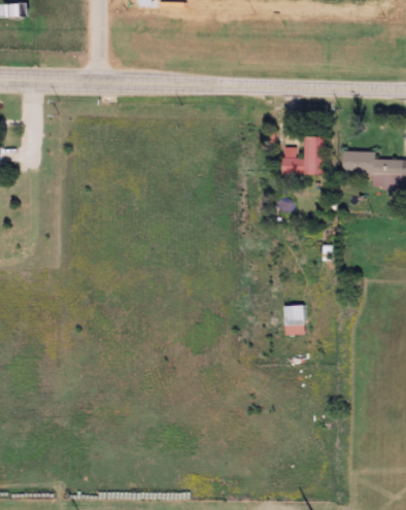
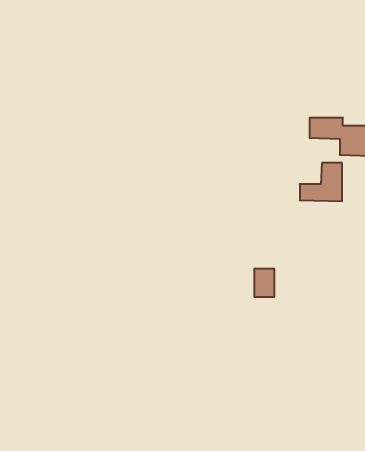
building: [281,136,325,175] -> [300,163,342,201]

